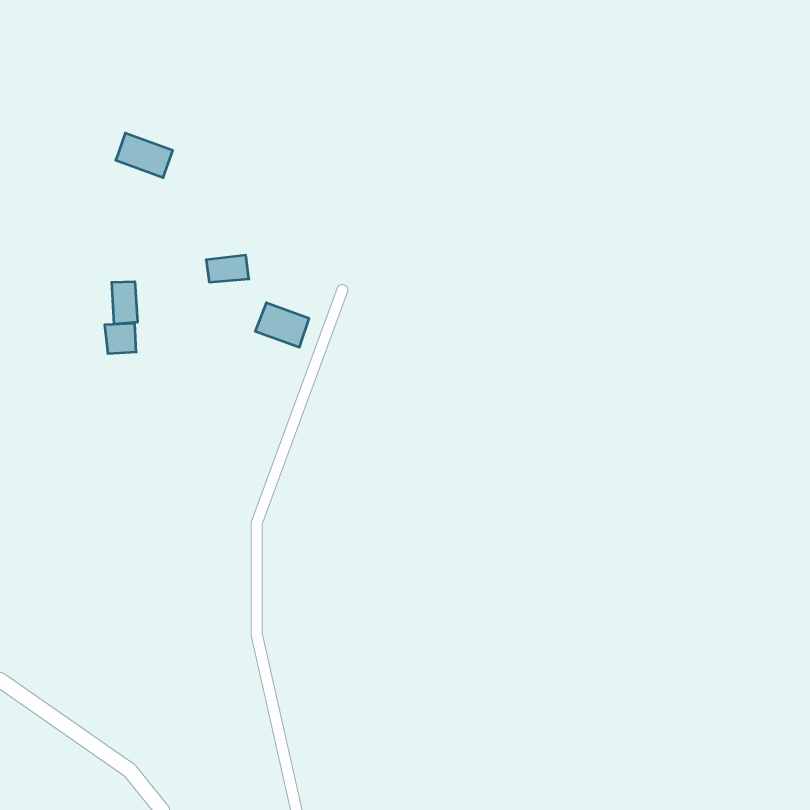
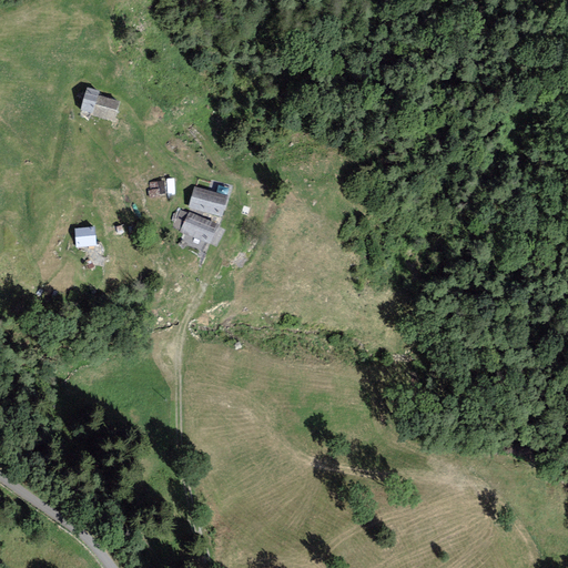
building: none -> [187,185,227,215]
building: [112,282,137,324] -> none

